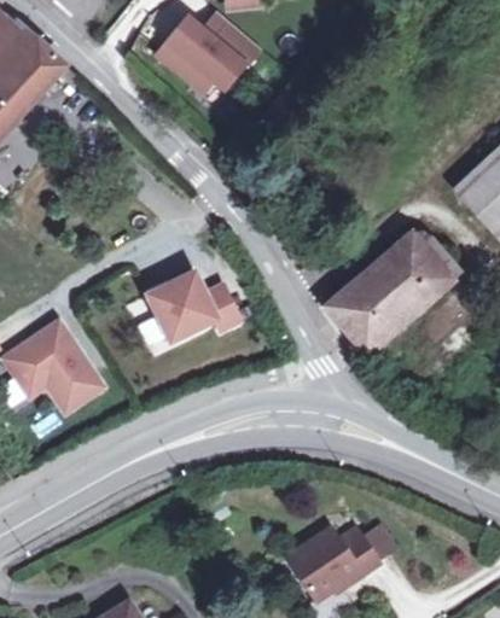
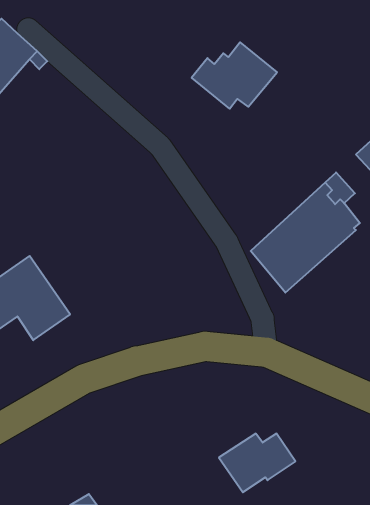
building: [157,14,261,95] -> [192,42,277,109]
building: [135,264,238,356] -> none

